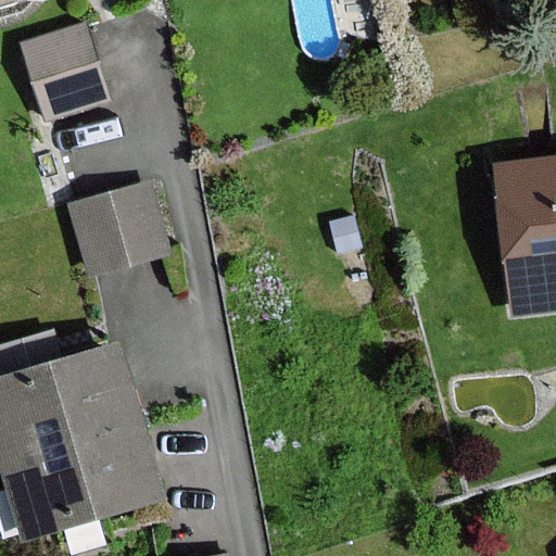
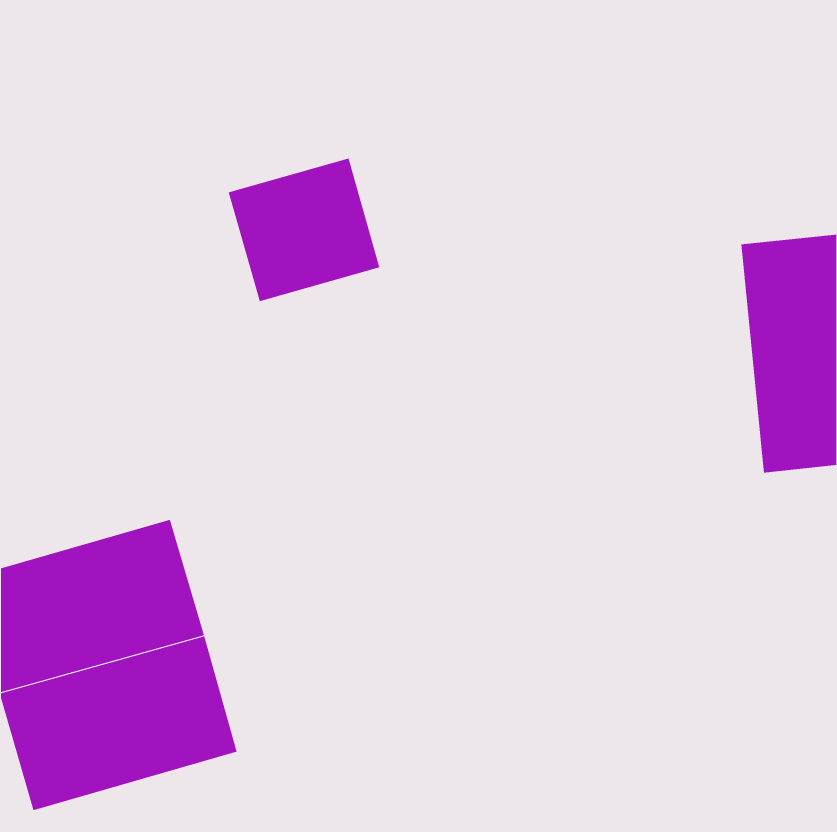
building: [16,23,104,113] -> none
building: [77,184,178,279] -> [228,158,380,302]

